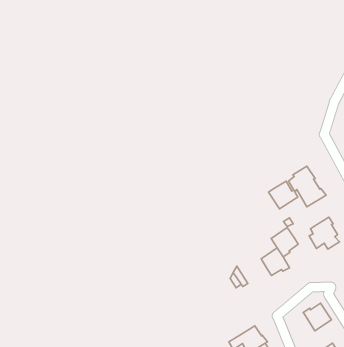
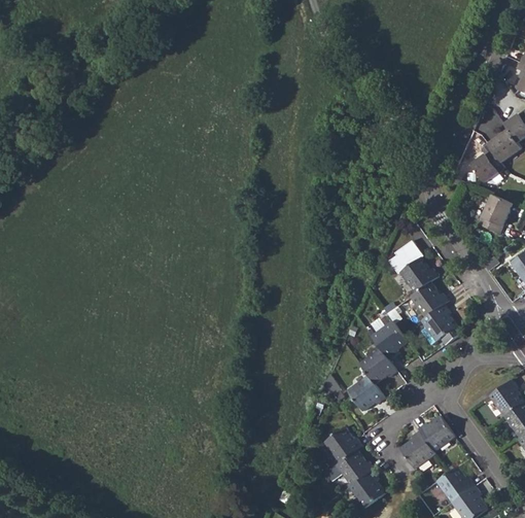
building: [269,181,298,209] -> [410,282,448,318]
building: none -> [348,376,385,412]
building: none -> [324,427,362,463]
building: none -> [400,431,435,470]

